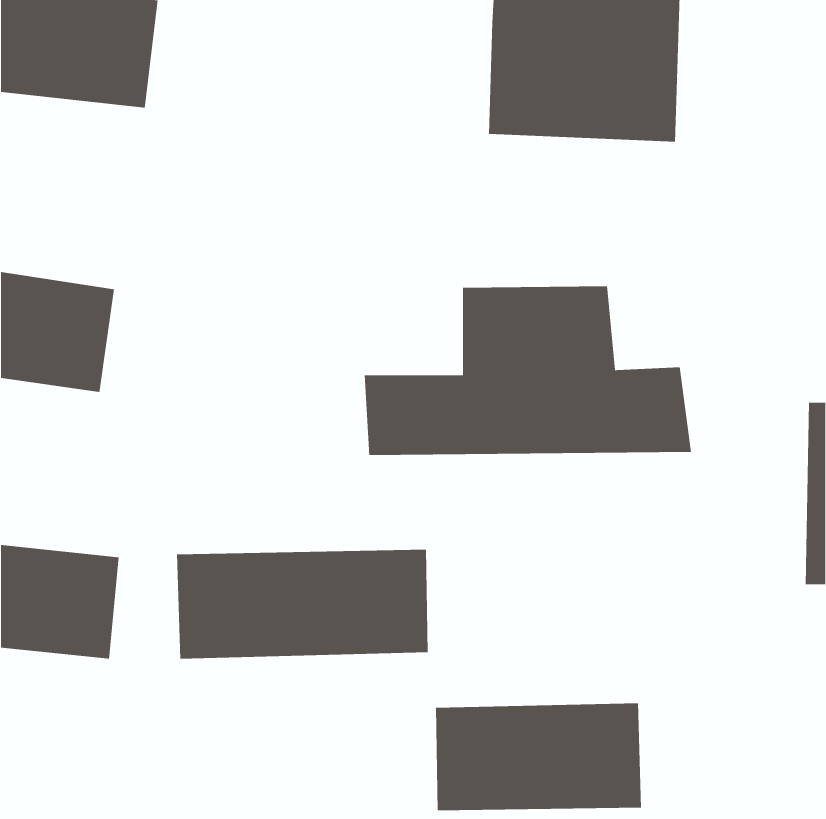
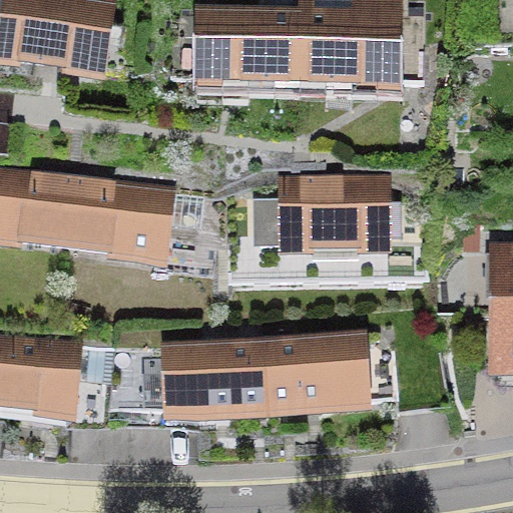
building: none -> [171,8,305,83]
building: none -> [62,179,214,265]
building: [435,703,642,811] -> [265,338,393,405]

